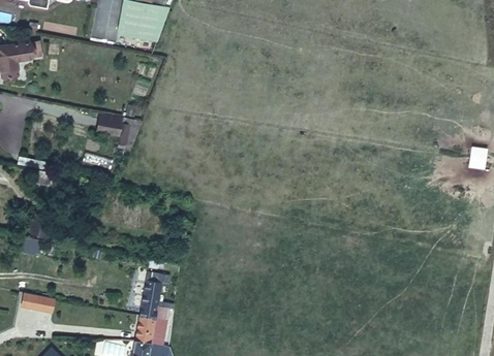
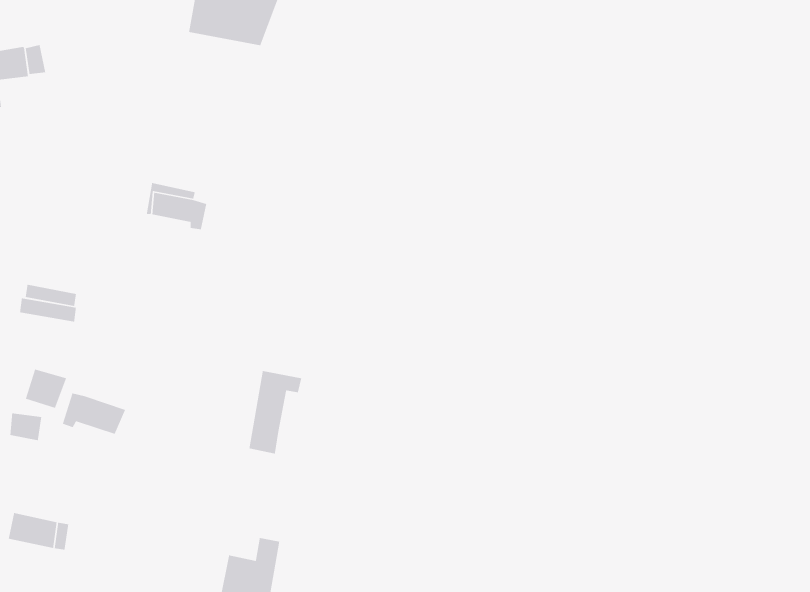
building: none -> [62,393,126,435]
building: [140,272,168,318] -> [249,370,302,454]

